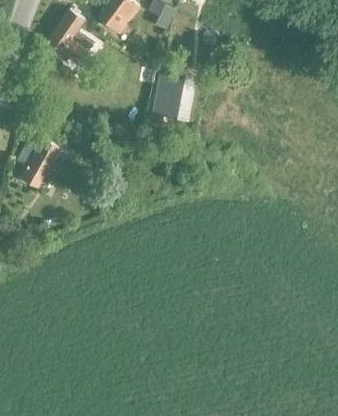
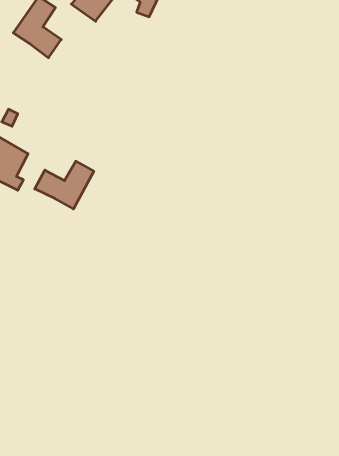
building: [153,76,184,120] -> none
building: none -> [35,161,94,209]

